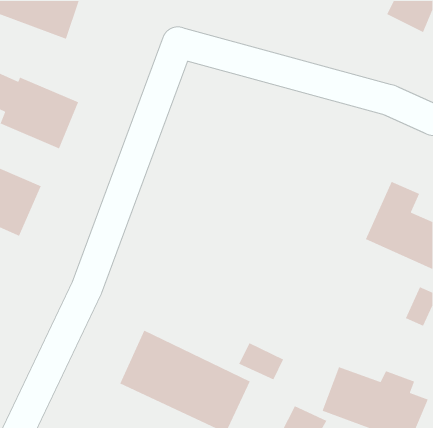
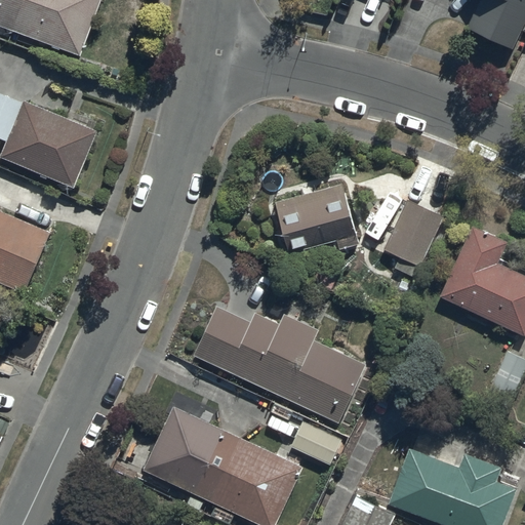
building: none -> [276,185,359,253]
building: none -> [383,201,442,280]
building: none -> [193,307,363,422]

